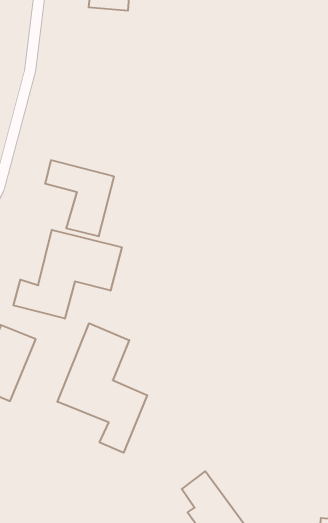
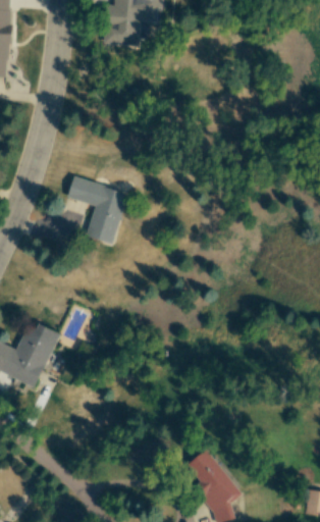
building: [13,230,122,319] -> none
building: [57,323,147,453] -> none

